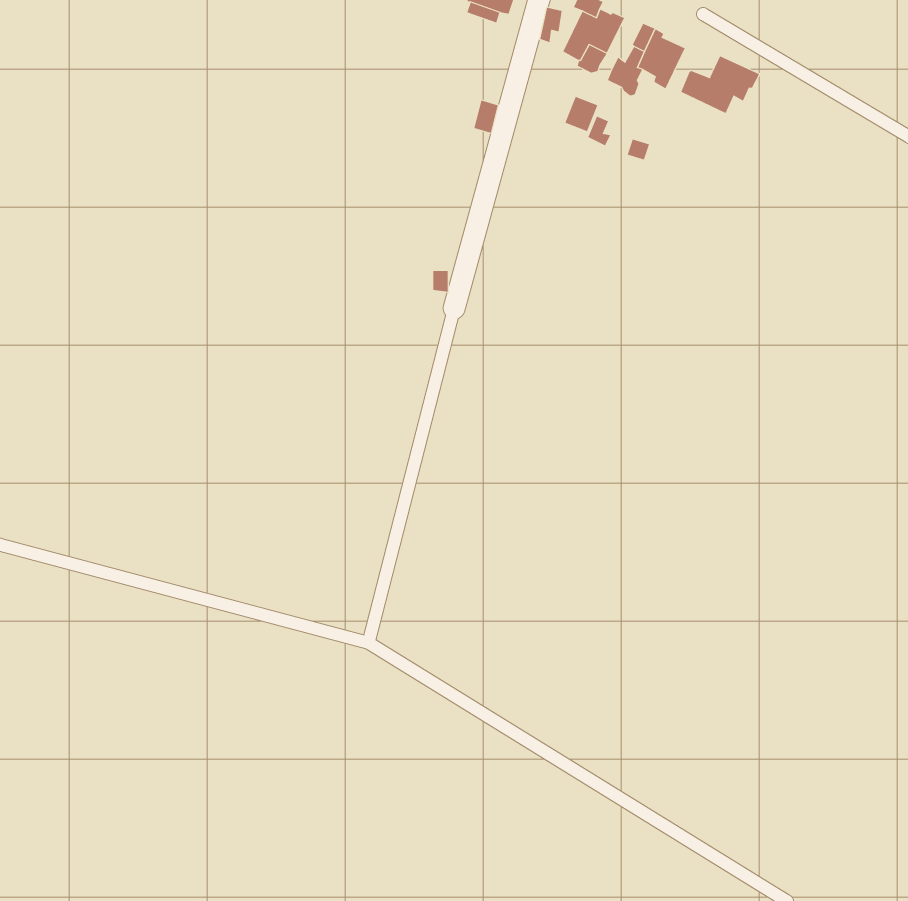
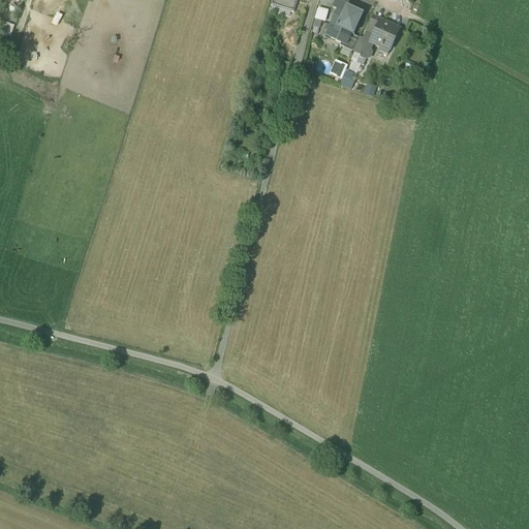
building: [681,55,760,114] -> none

